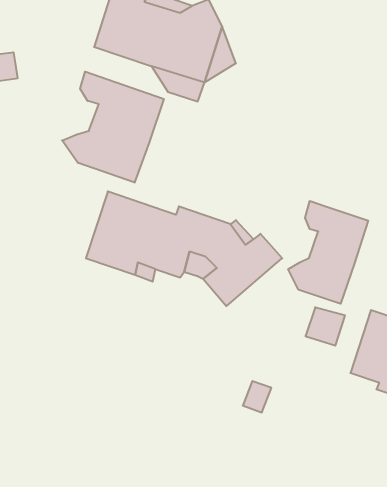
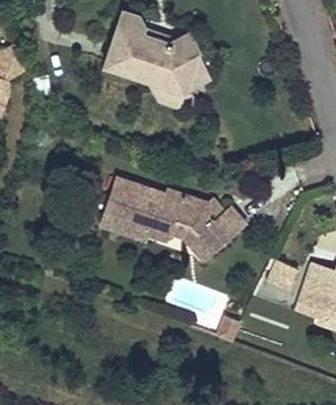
building: [62,72,164,183] -> none
building: [288,201,368,304] -> none

